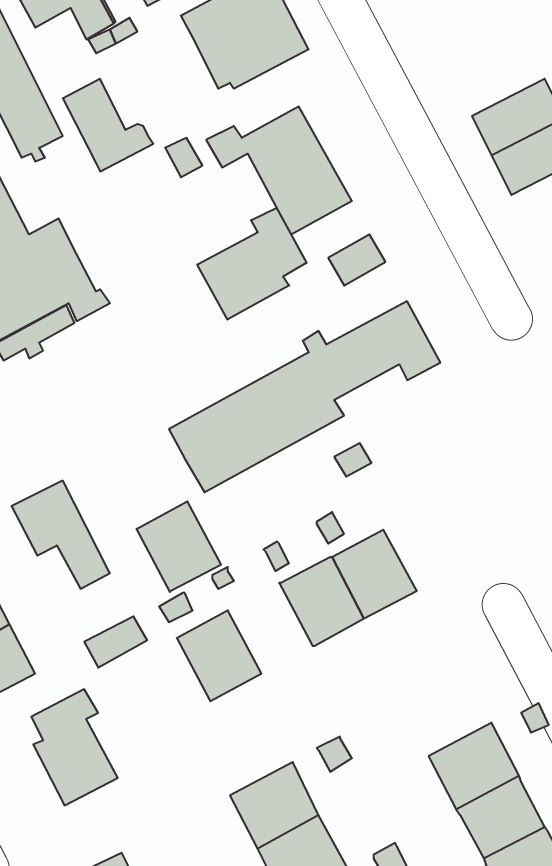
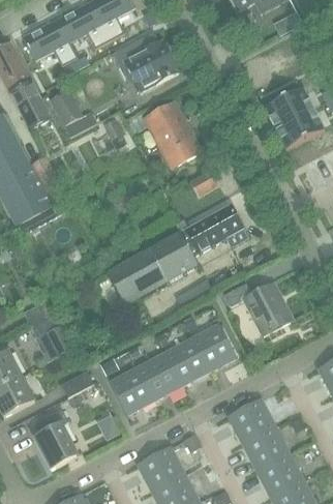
building: [197,208,307,320] -> none
building: none -> [223,283,293,336]
building: [136,501,221,592] -> [137,352,181,399]
building: none -> [228,398,275,443]

